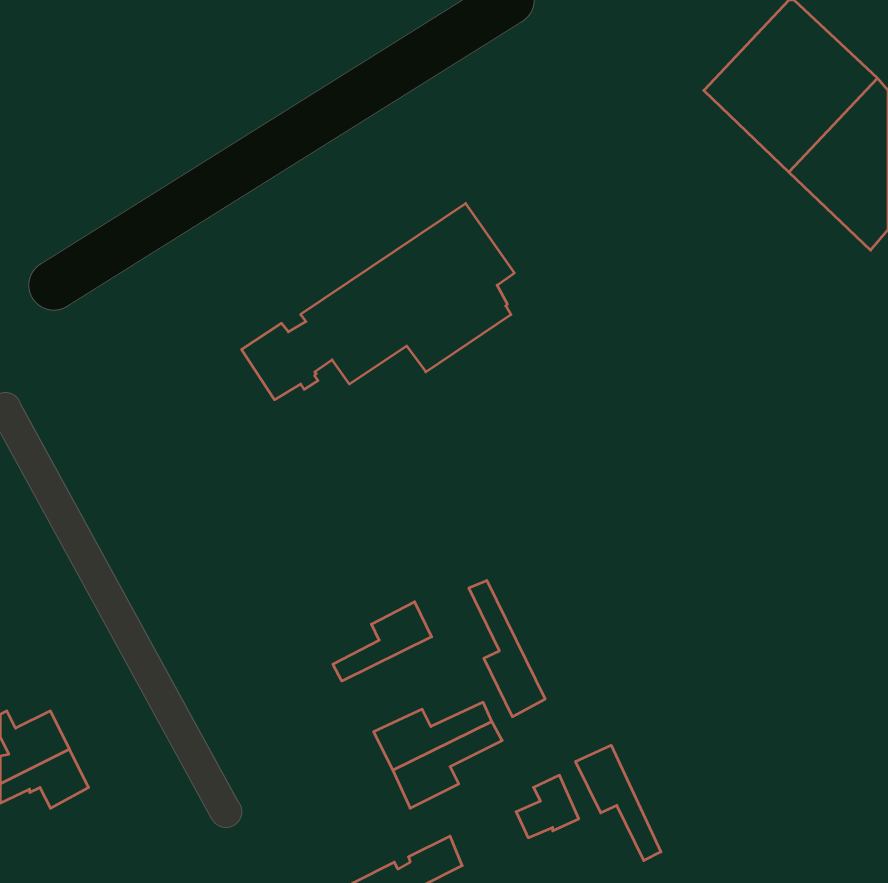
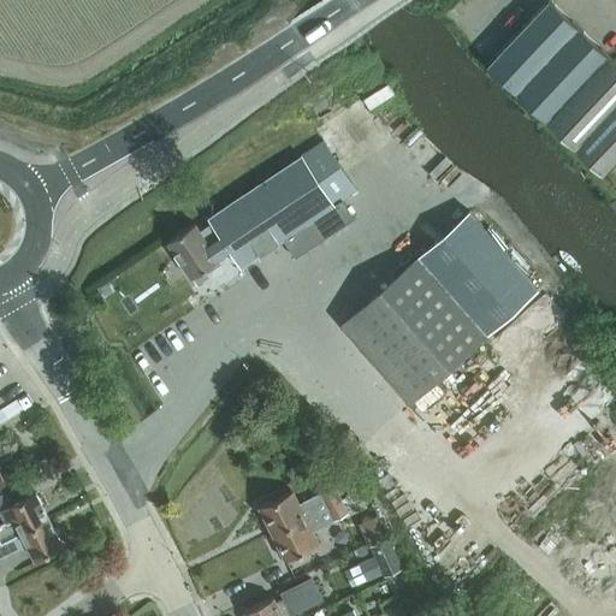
building: none -> [342,215,537,407]
building: [469,580,545,717] -> none
building: [333,602,432,681] -> none
building: [576,745,661,861] -> none

